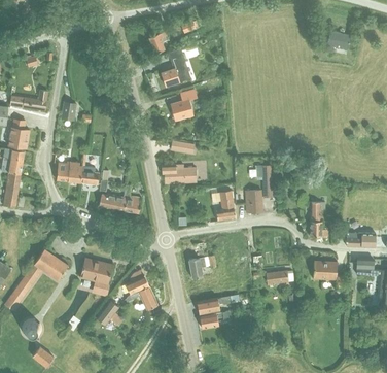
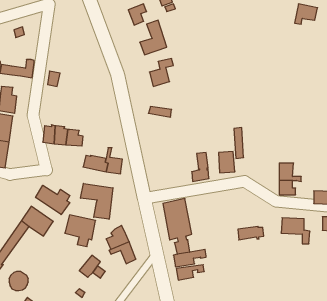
building: [160,164,196,183] -> none
building: none -> [81,183,113,219]
building: none -> [36,185,70,215]

